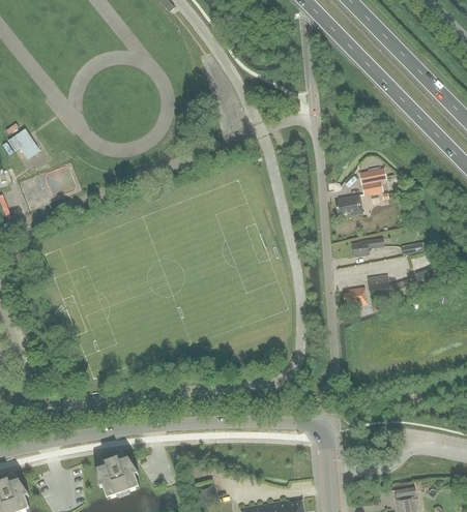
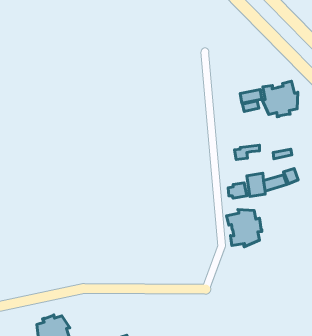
building: none -> [262,81,298,117]
building: [335,193,362,214] -> none
building: none -> [227,209,262,247]

